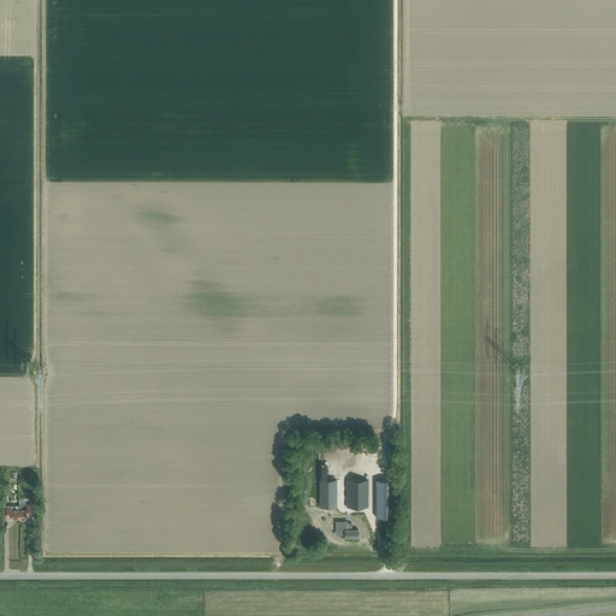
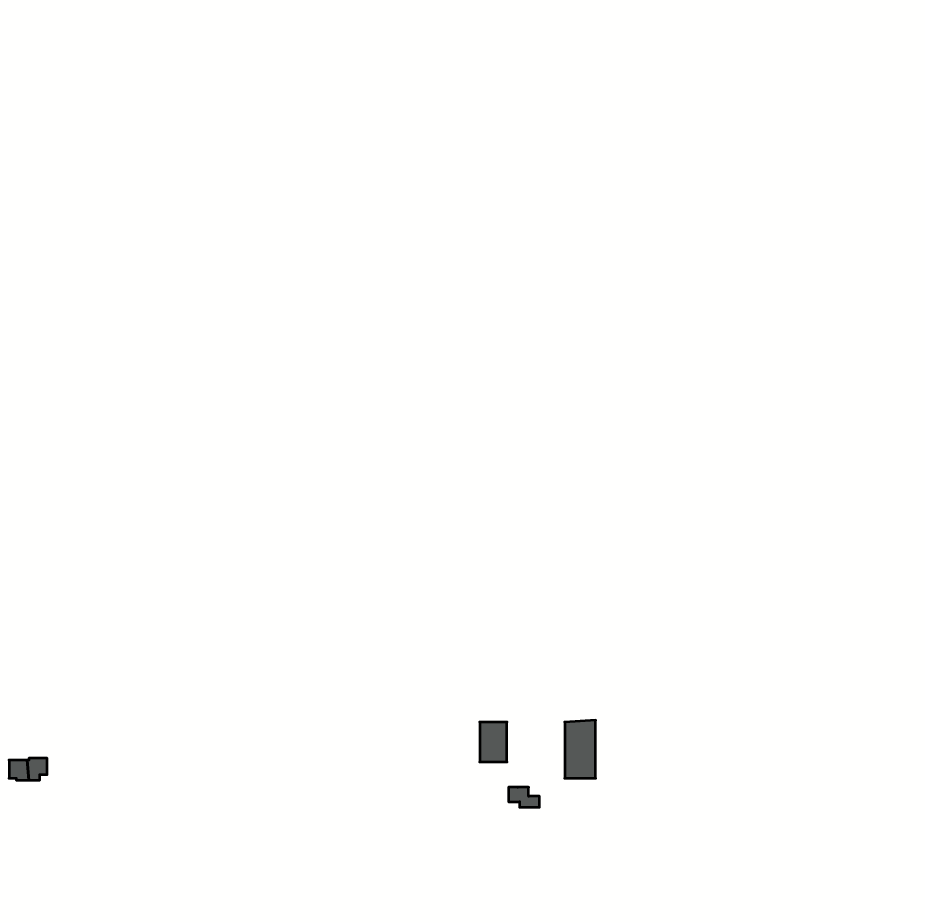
building: [346,481,368,508] -> none

